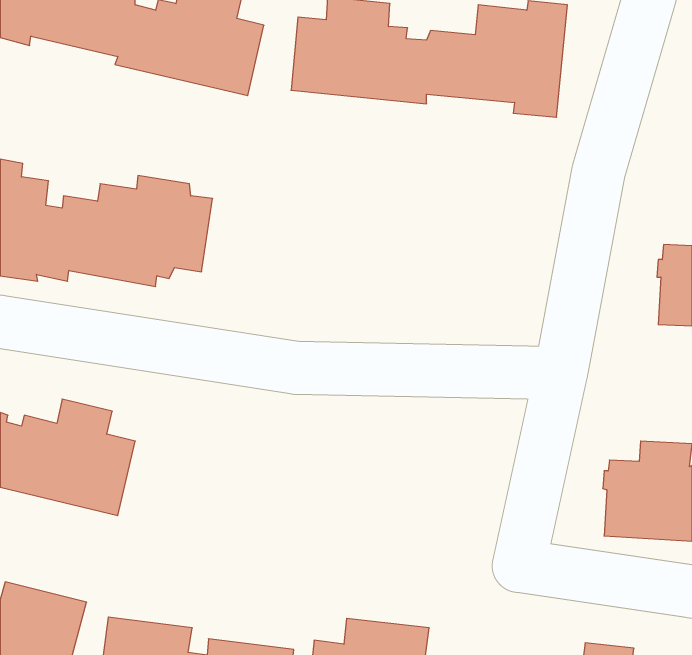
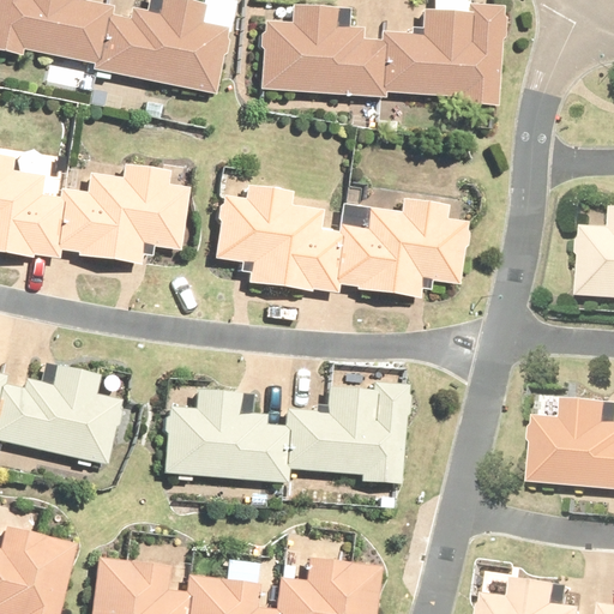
building: none -> [213,179,468,295]
building: none -> [162,379,407,484]

